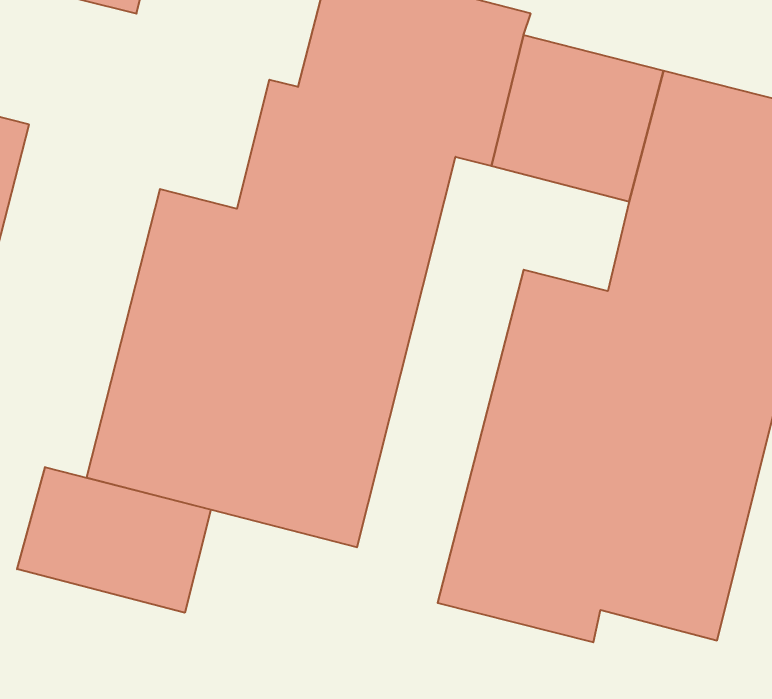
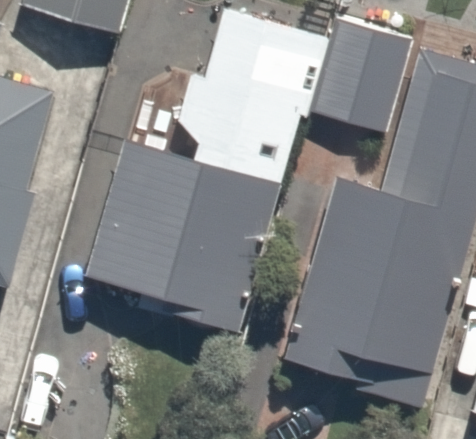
building: [17,467,211,613] -> none

